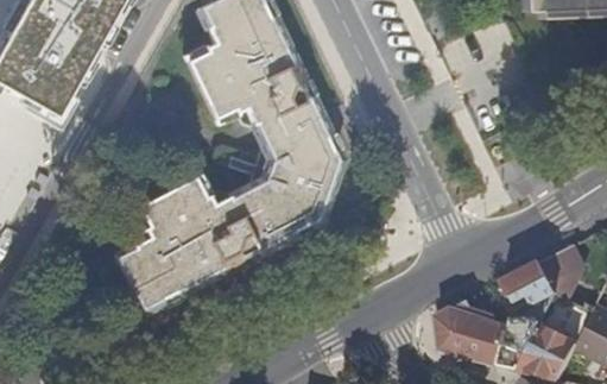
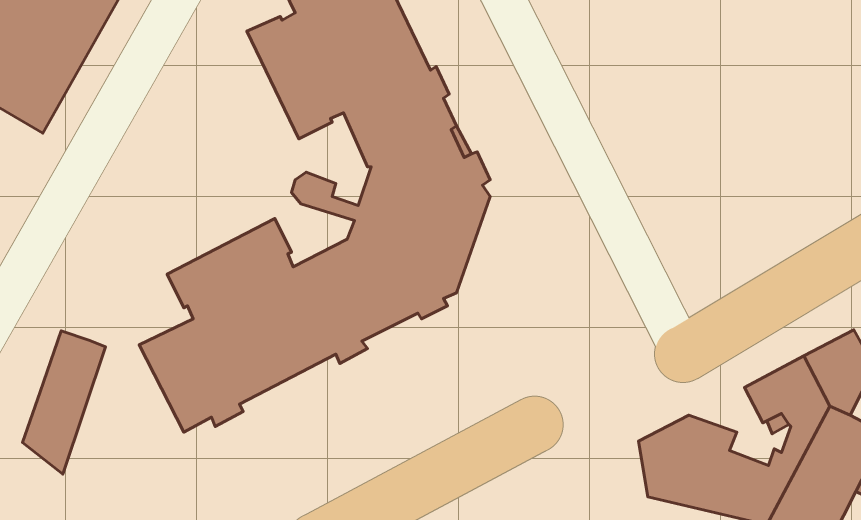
building: none -> [22,331,105,474]

